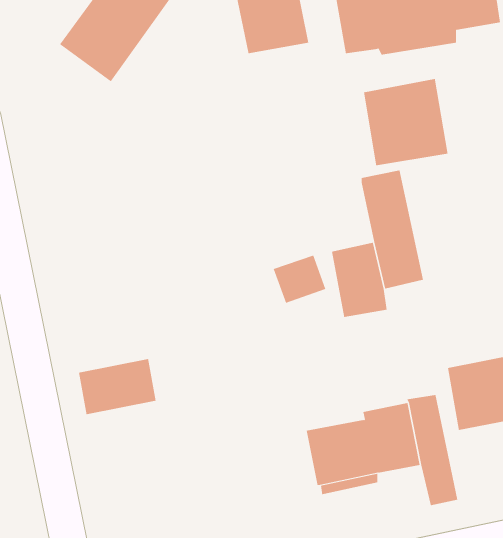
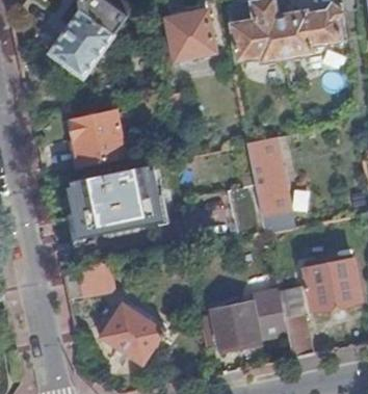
building: [364,78,448,166] -> none
building: none -> [69,111,124,165]
building: none -> [72,165,159,237]
building: none -> [99,303,167,366]

